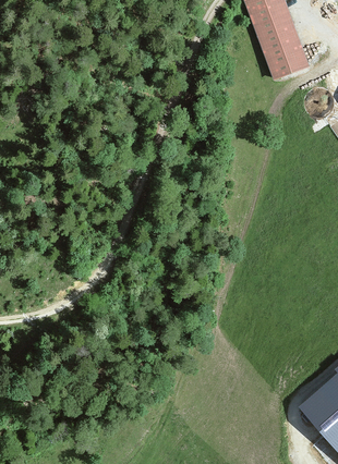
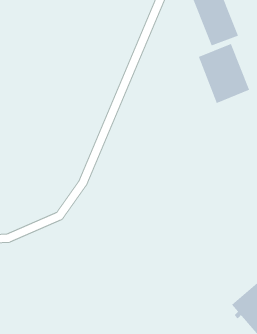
building: none -> [198,43,250,104]

